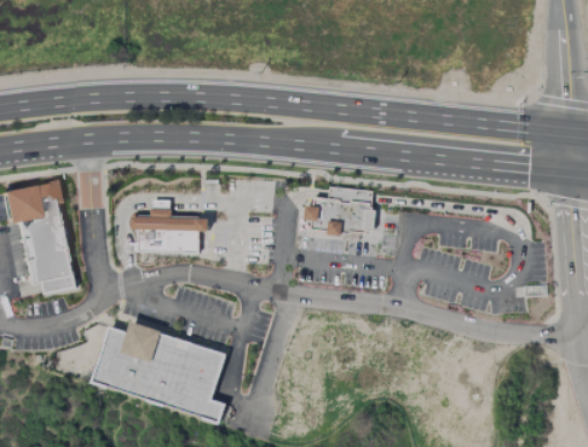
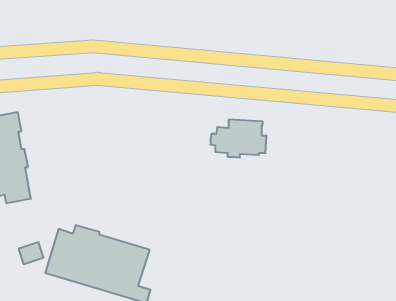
building: [132,191,208,254] -> none

